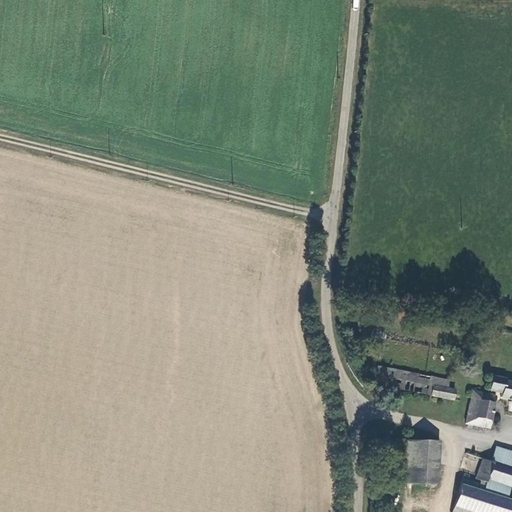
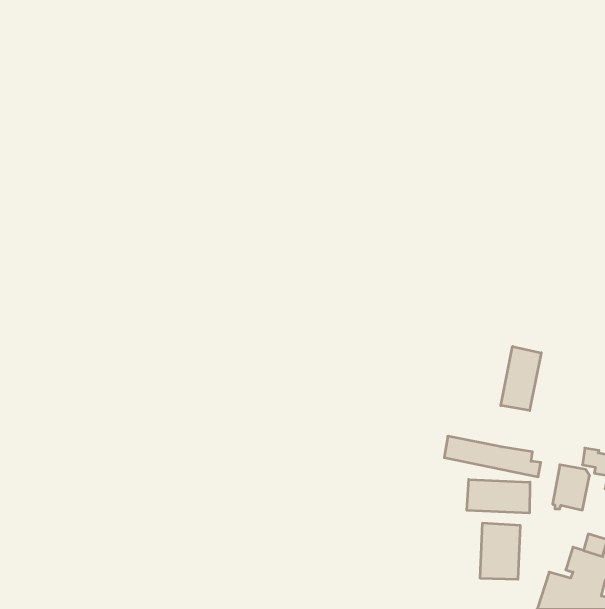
building: none -> [501,346,541,411]
building: none -> [467,479,530,513]

